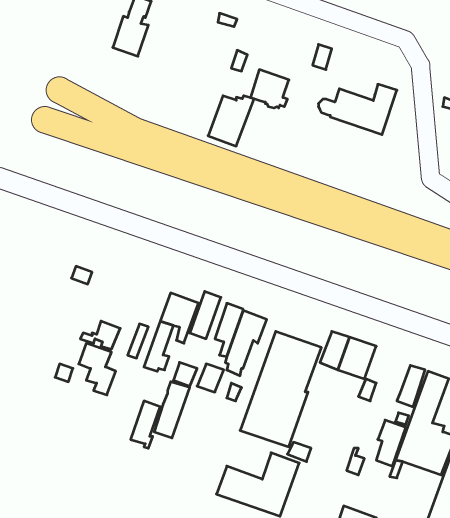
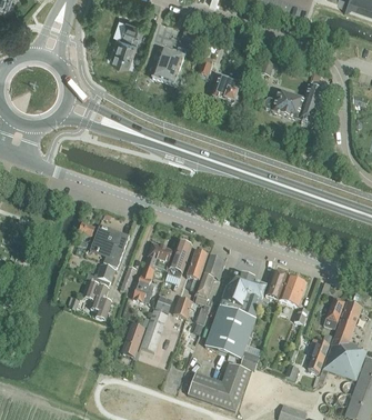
building: [208,96,254,146] -> [152,47,187,84]
building: none -> [90,224,129,267]

